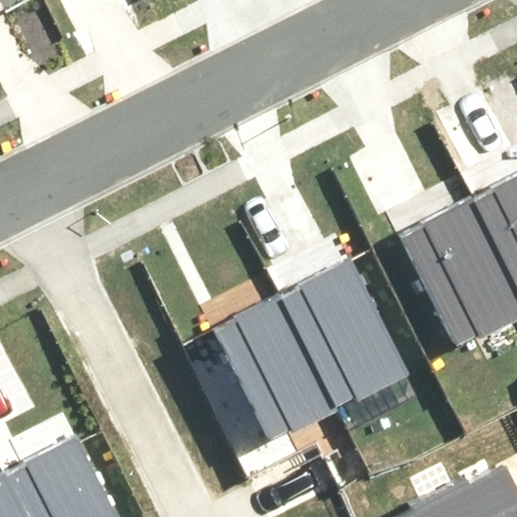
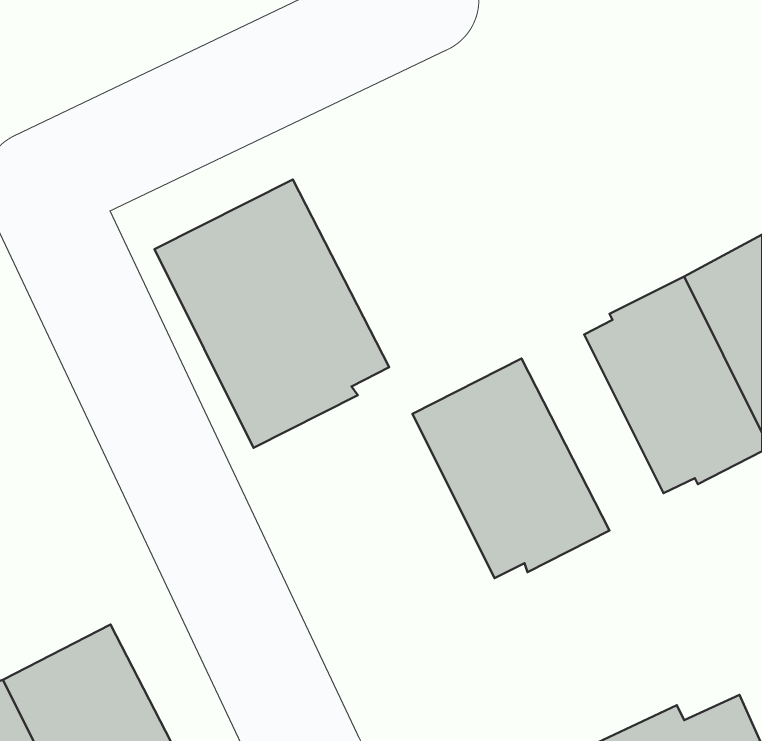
building: none -> [155,179,389,448]
building: [211,295,337,442] -> none

